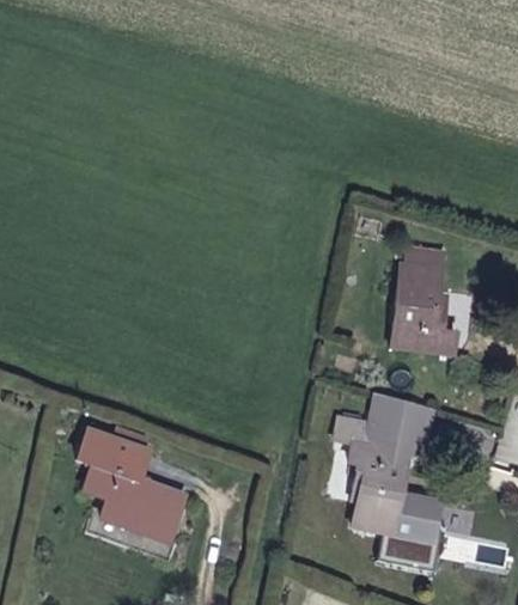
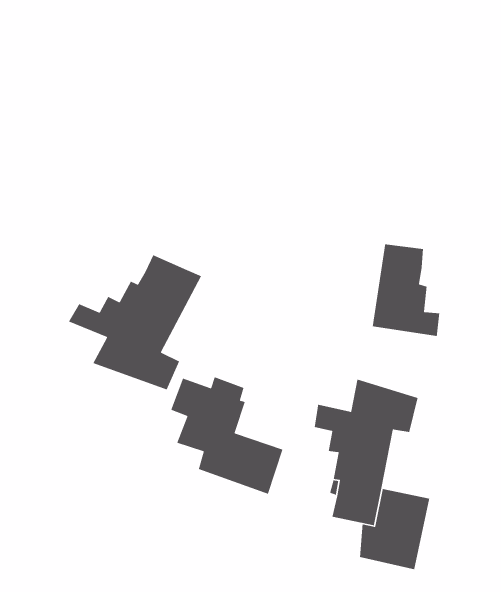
building: none -> [68,254,202,390]
building: [75,426,183,538] -> [170,376,284,495]

